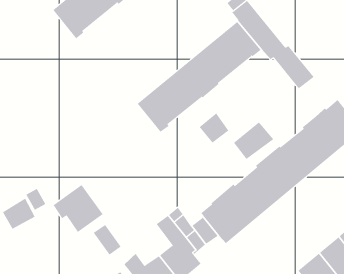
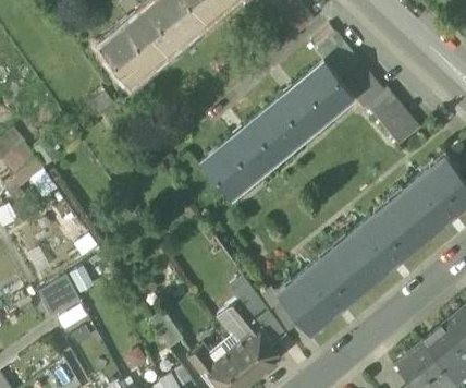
building: [199,112,229,144] -> none
building: [233,121,274,160] -> none
building: [53,184,104,233] -> none

